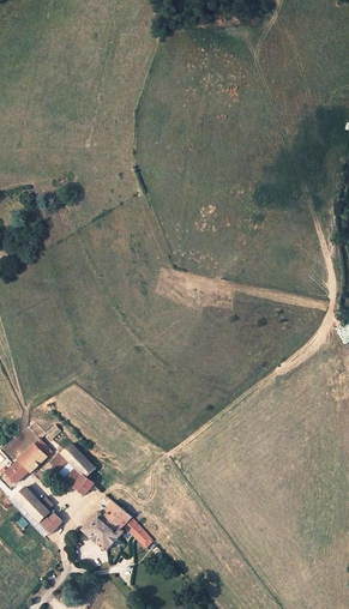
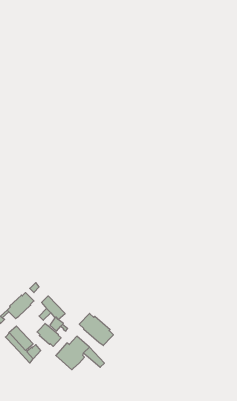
building: none -> [79,313,113,346]
building: none -> [37,323,61,346]

